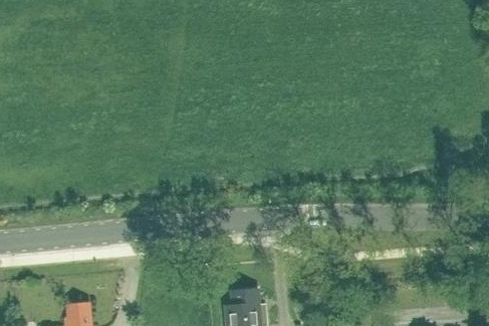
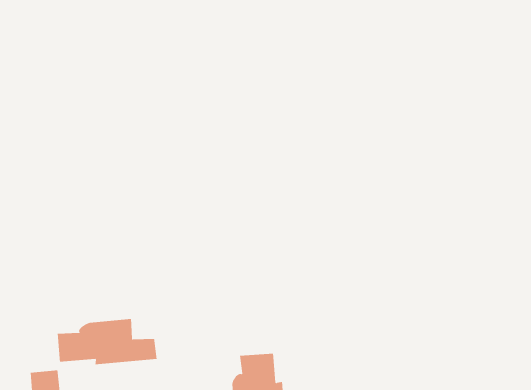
building: none -> [57,318,157,365]

